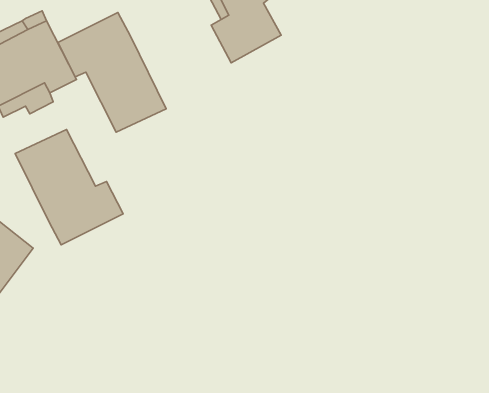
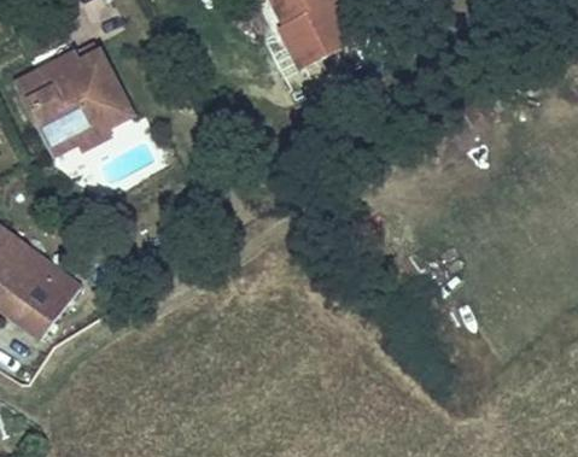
building: [58,12,166,132] -> none
building: [15,129,123,245] -> none

